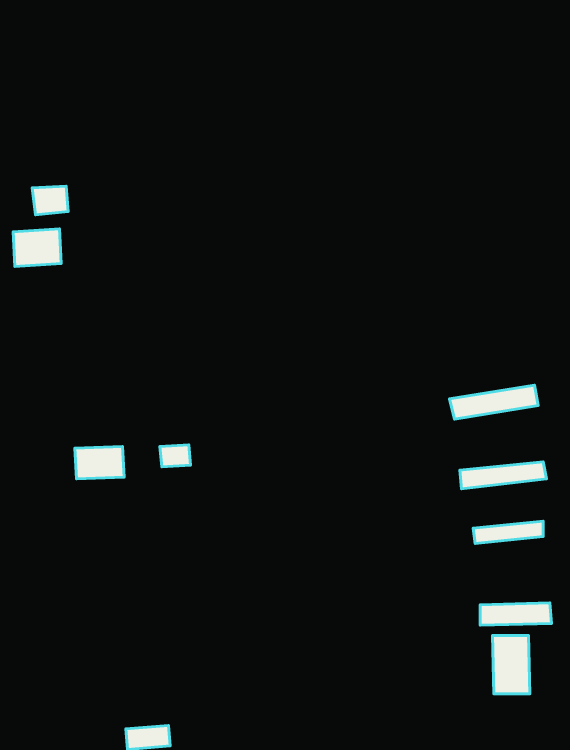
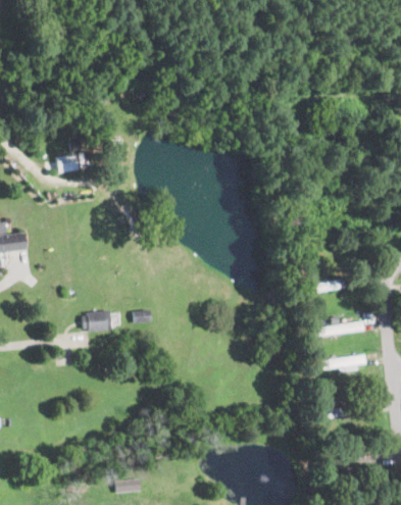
building: [13,229,61,267] -> none
building: [492,635,530,694] -> none

